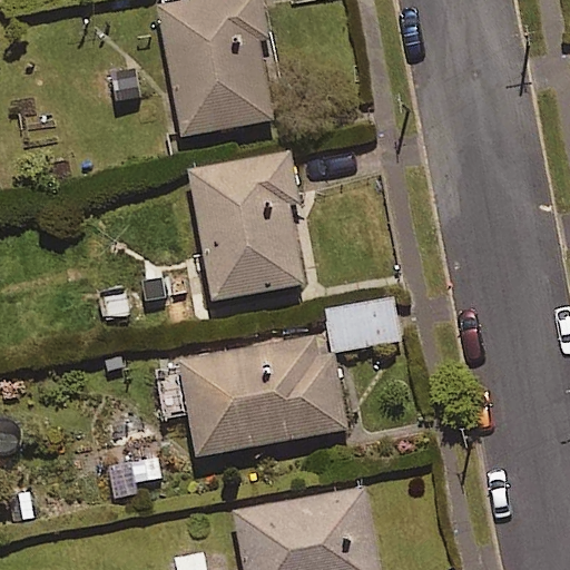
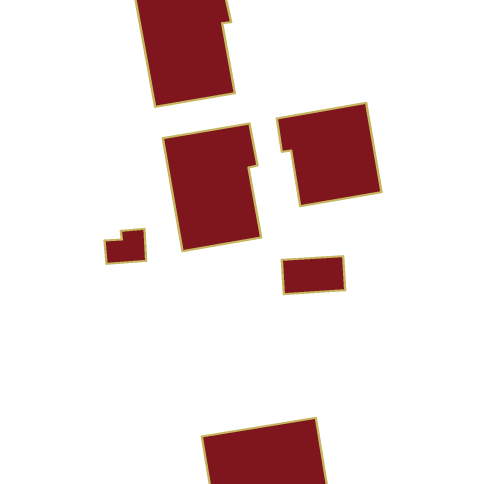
building: none -> [277,103,381,206]
building: [179,336,346,453] -> none

